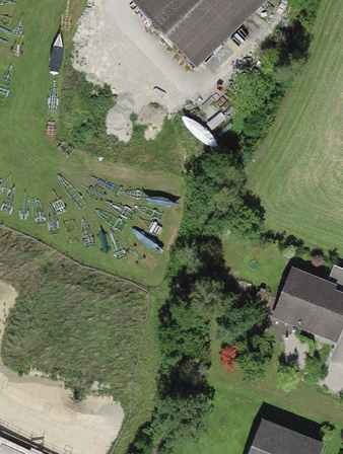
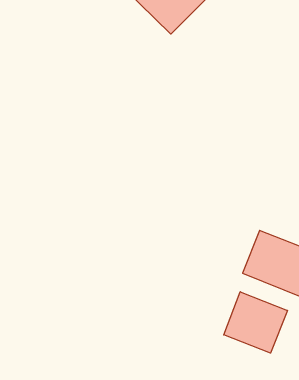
building: none -> [224,292,287,353]

